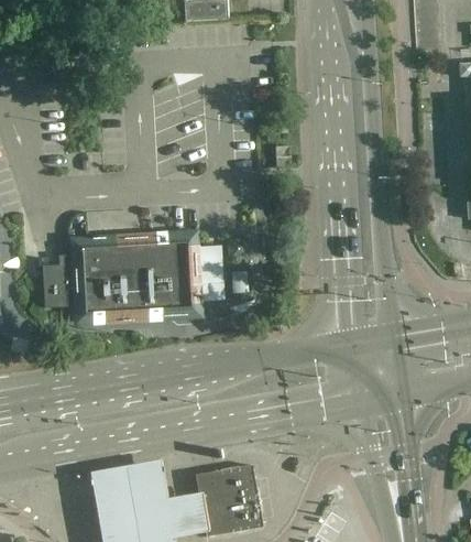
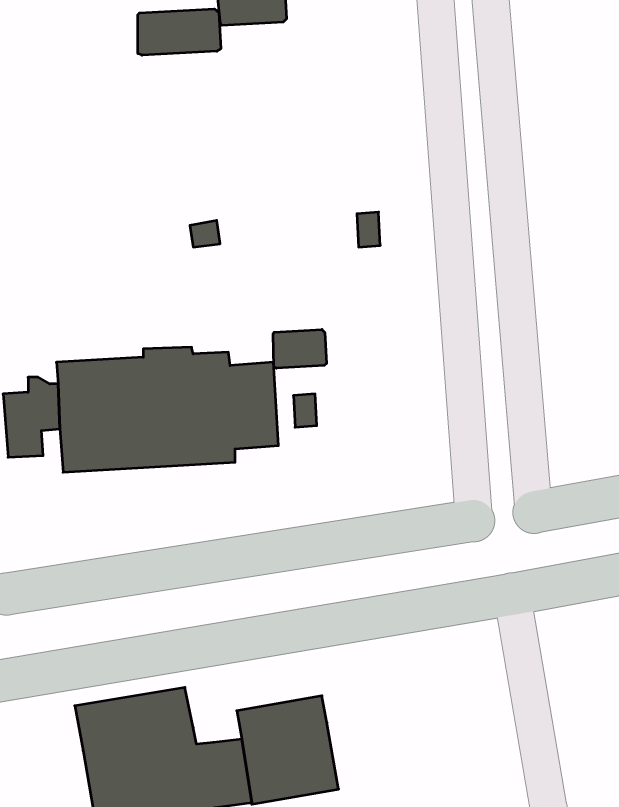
building: none -> [138,9,221,55]
building: none -> [273,329,327,368]

